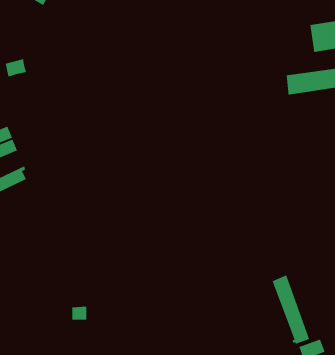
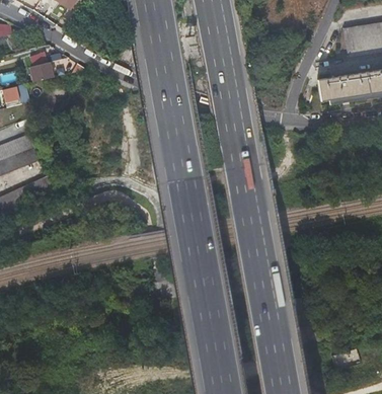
building: [272,275,310,344] -> none

